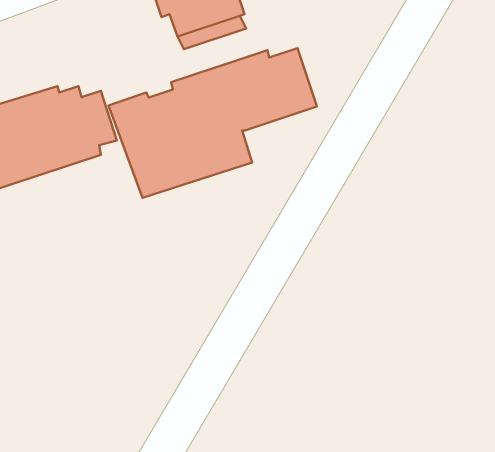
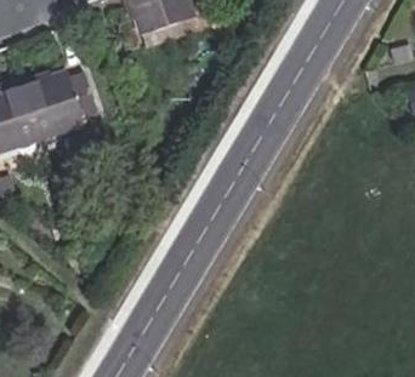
building: [108,48,317,198] -> none

